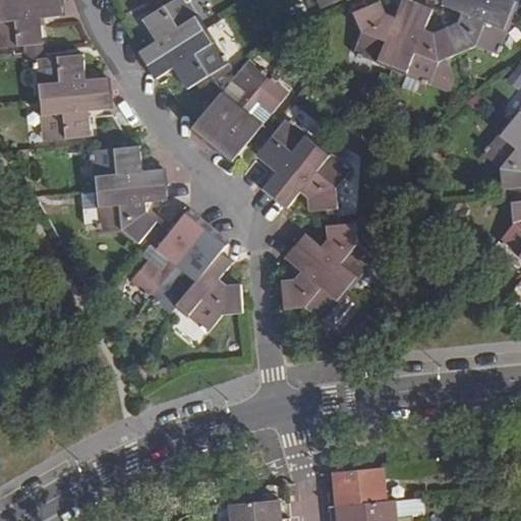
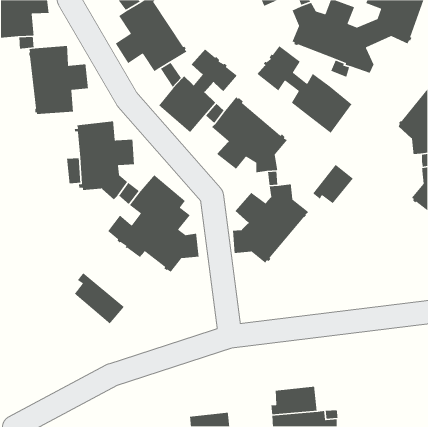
building: none -> [257,45,352,134]
building: none -> [312,164,354,204]
building: none -> [74,272,125,325]

